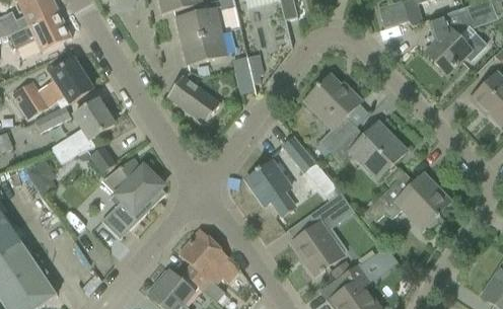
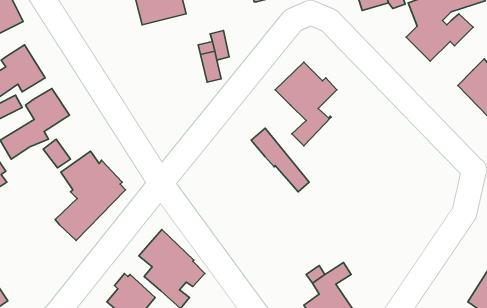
building: [181,30,226,65] -> none
building: [165,75,220,124] -> none
building: [330,122,406,178] -> none
building: [245,162,293,214] -> none
building: [360,171,449,226] -> none
building: [293,191,348,276] -> none

